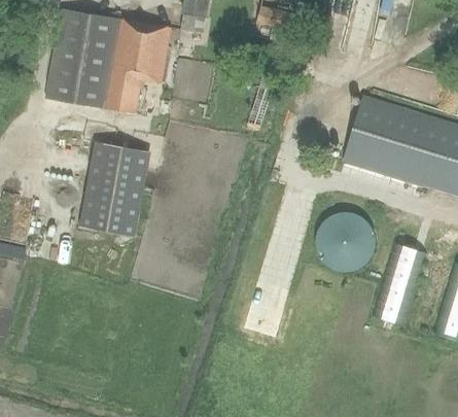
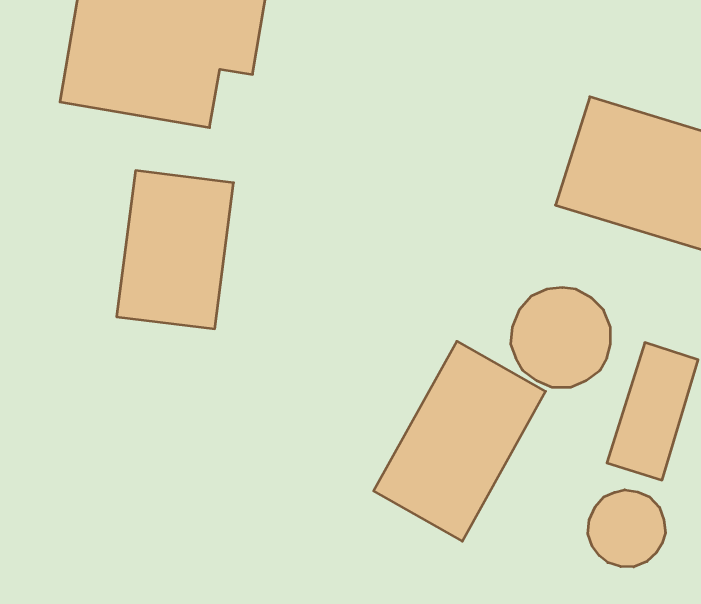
building: none -> [374,341,546,541]
building: none -> [588,490,665,567]

